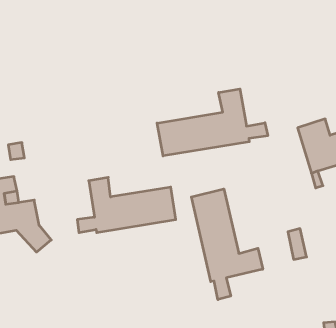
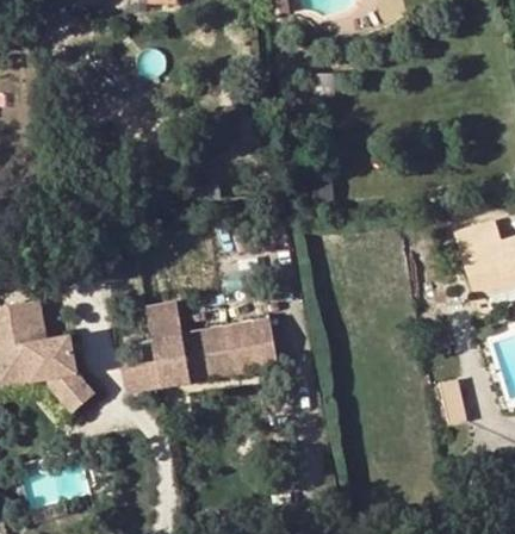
building: [157,89,268,156] -> none
building: [191,189,263,300] -> none

